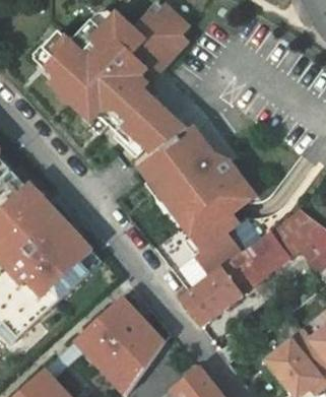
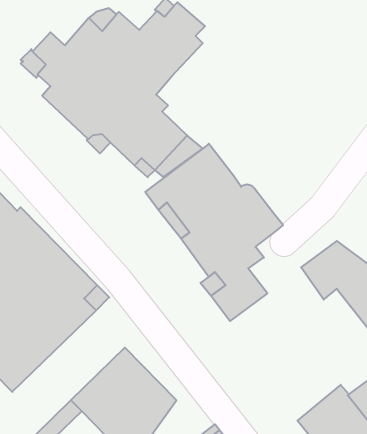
building: [180,230,288,327] -> none

